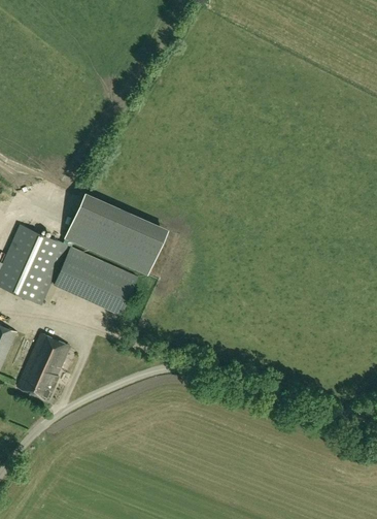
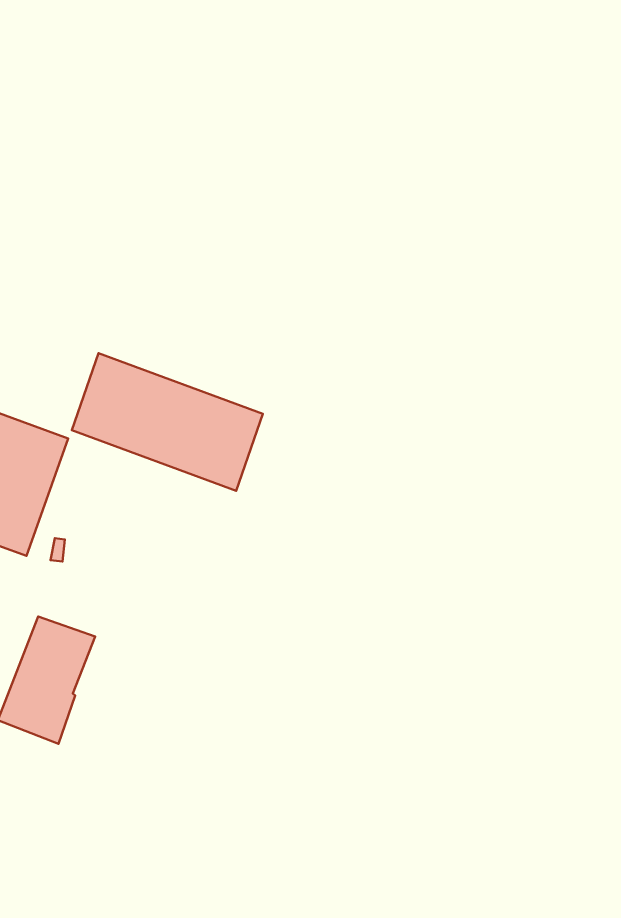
building: [55,247,138,315] -> none

